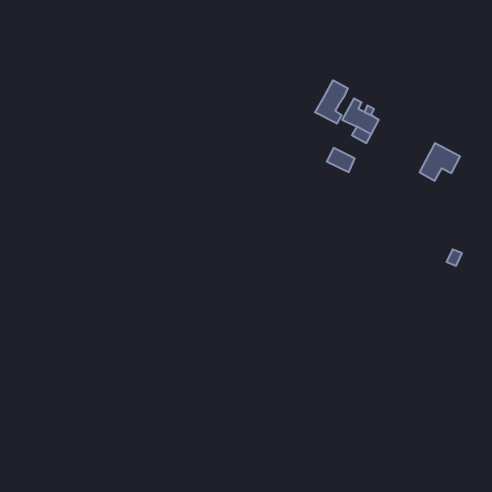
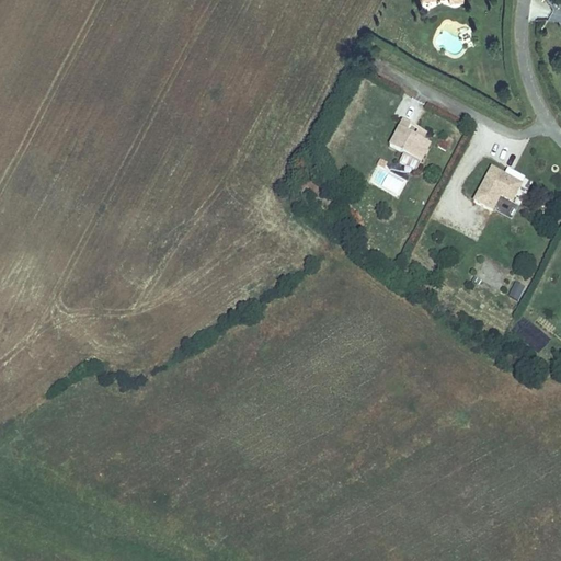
building: [315,80,348,124] -> none

